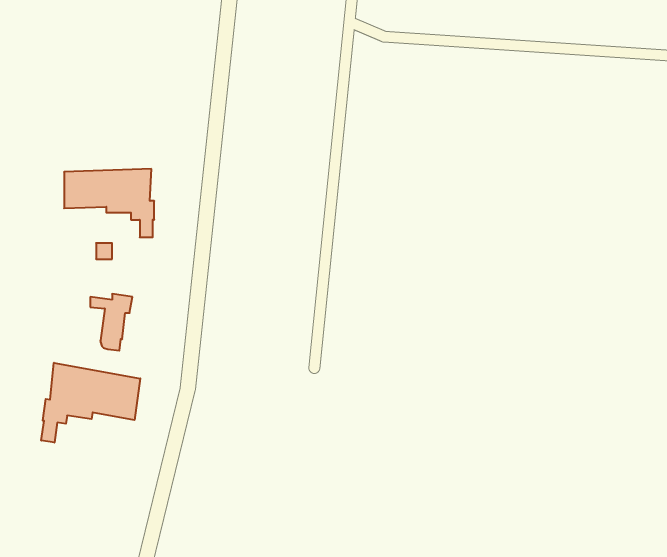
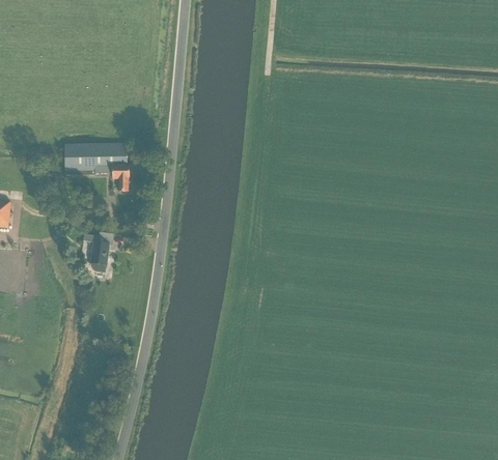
building: [41,363,140,443] -> none

